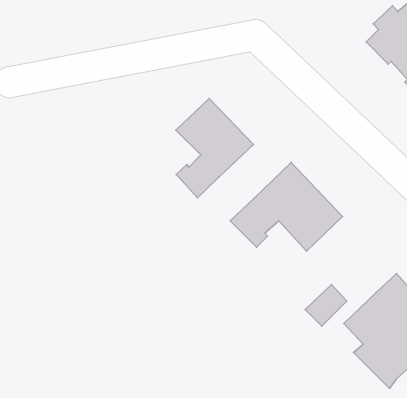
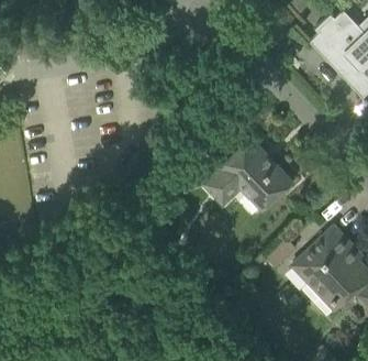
building: [176,98,254,198] -> none

